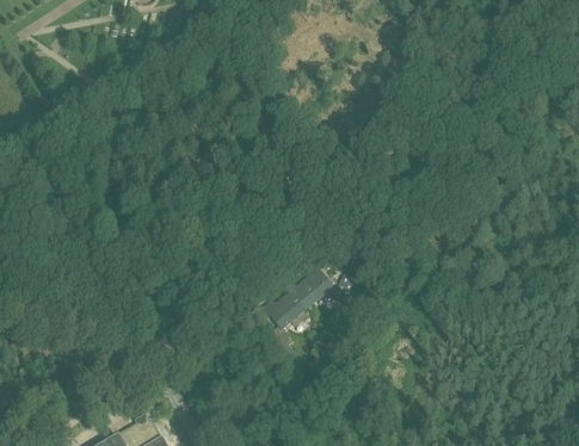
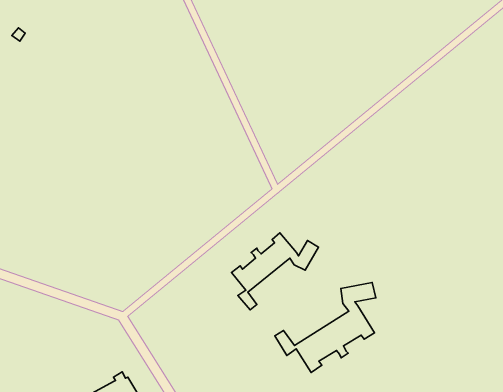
building: none -> [275,283,376,373]

